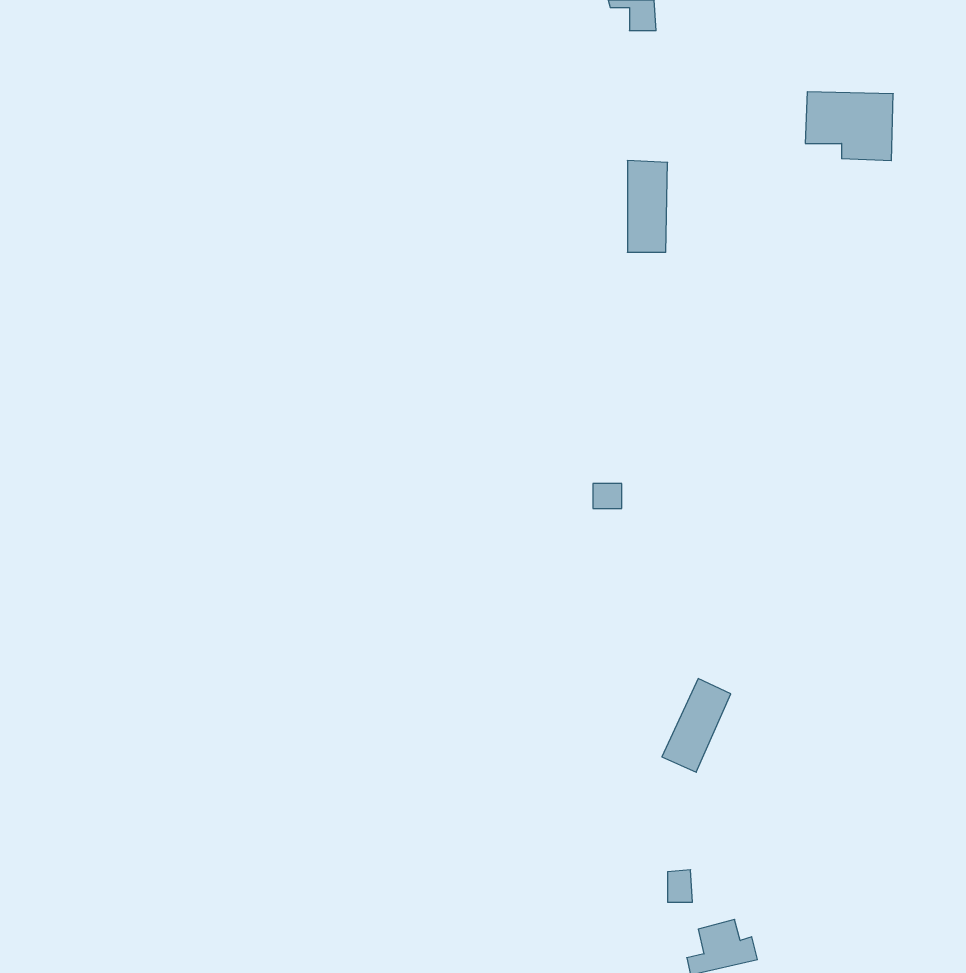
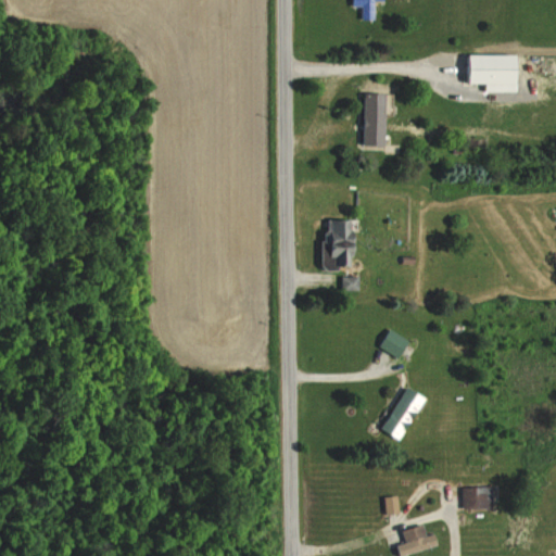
building: none -> [321,220,354,270]
building: none -> [379,329,409,358]
building: none -> [464,488,494,510]

